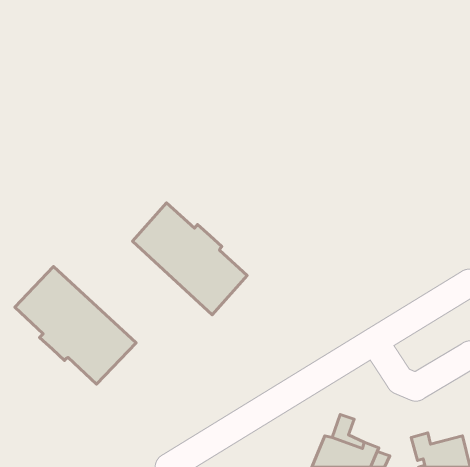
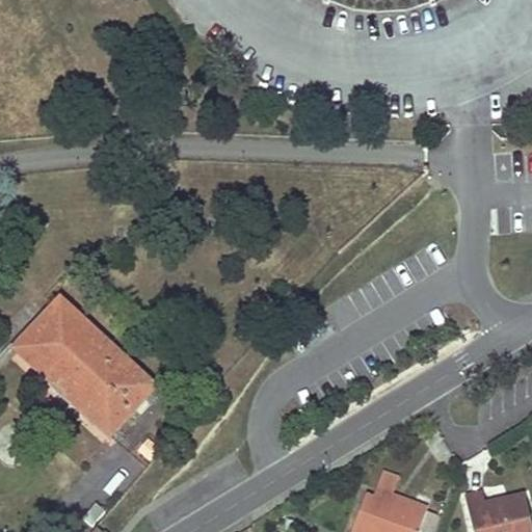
building: [132,203,247,315] -> none

